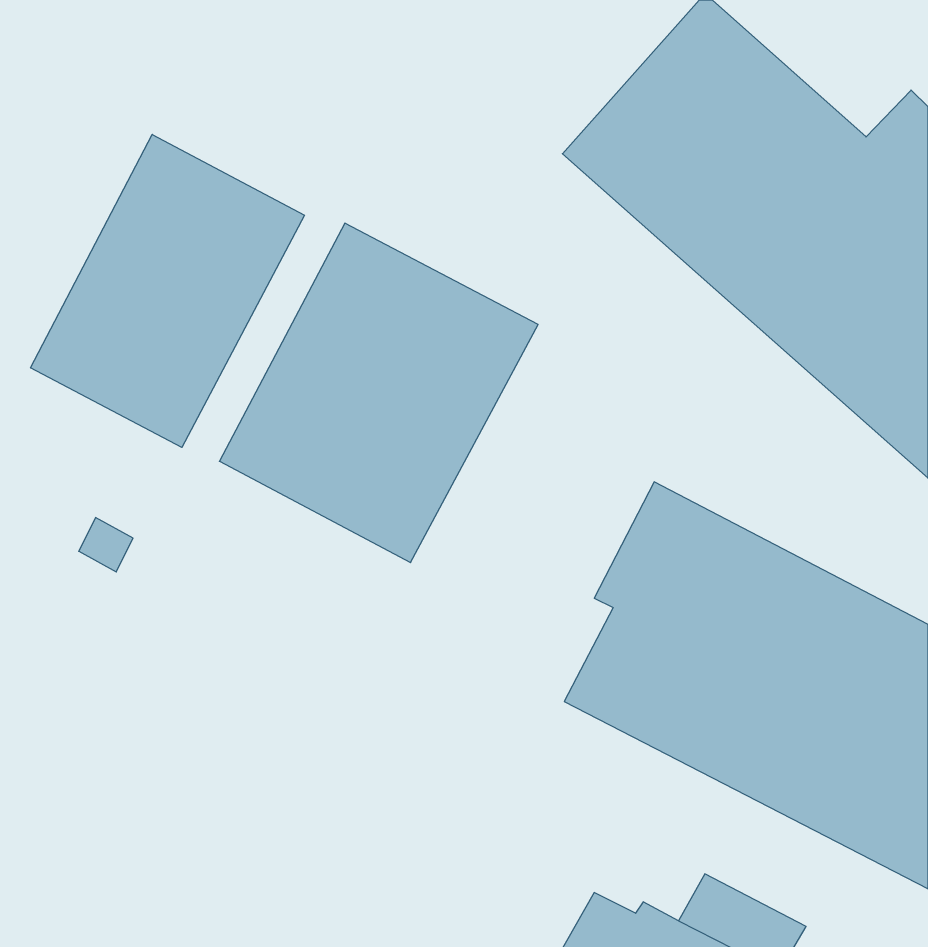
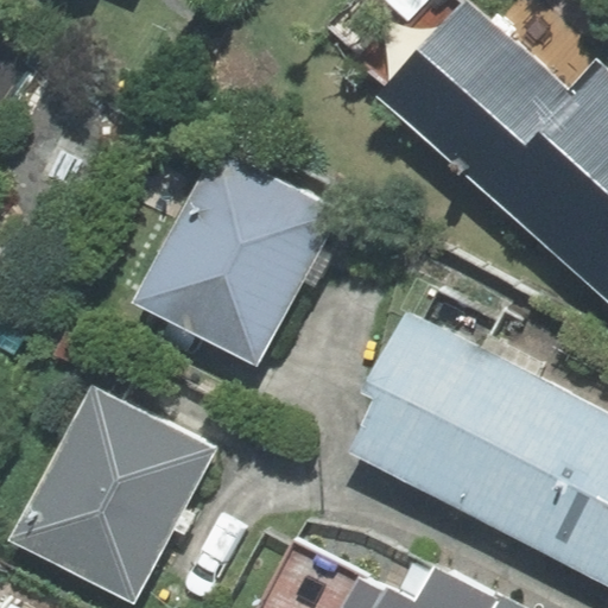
building: [31,134,304,447] -> none
building: none -> [15,386,216,601]

